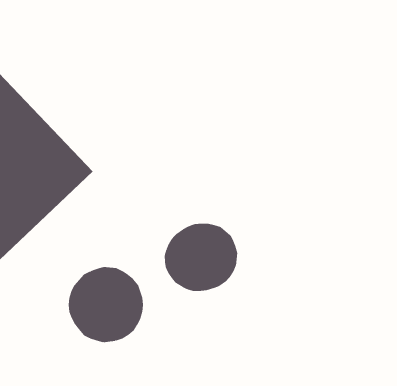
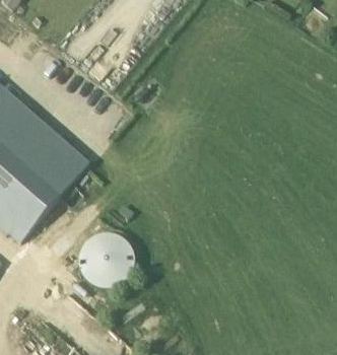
building: [164,223,238,292] -> none

